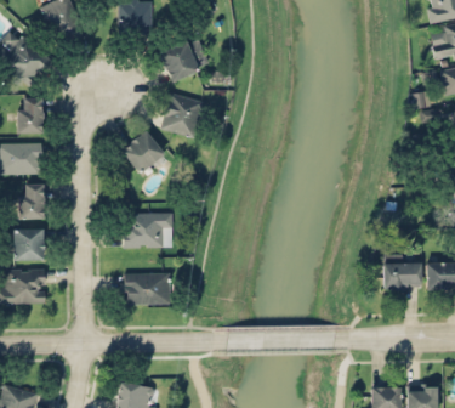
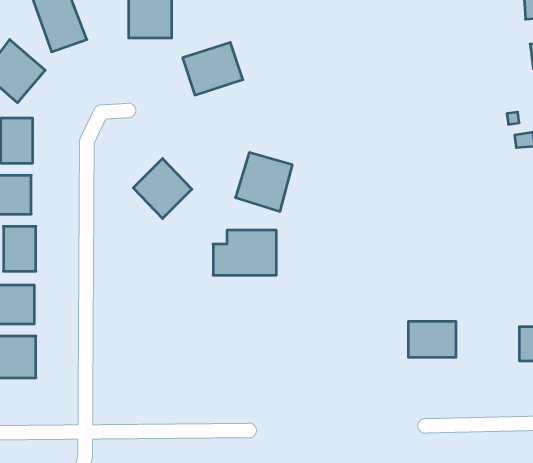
building: [160,92,205,138] -> [235,153,292,211]
building: [124,212,174,248] -> [213,230,276,275]
building: [383,262,421,290] -> [408,322,456,357]
building: [125,273,171,304] -> none

